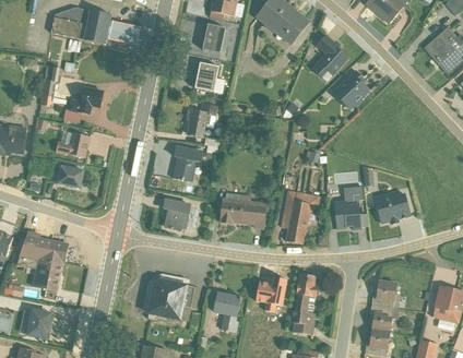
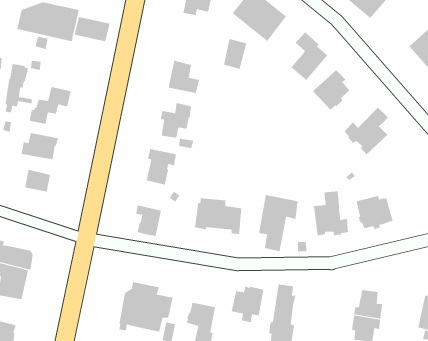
building: [202,23,225,52] -> [223,38,247,69]
building: none -> [344,107,389,155]

